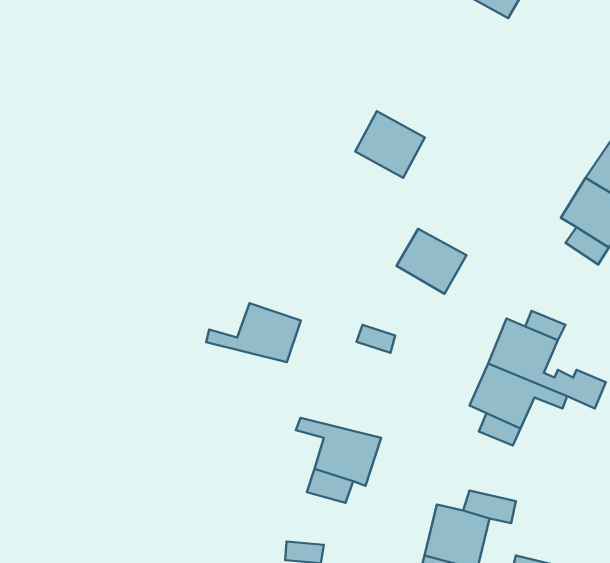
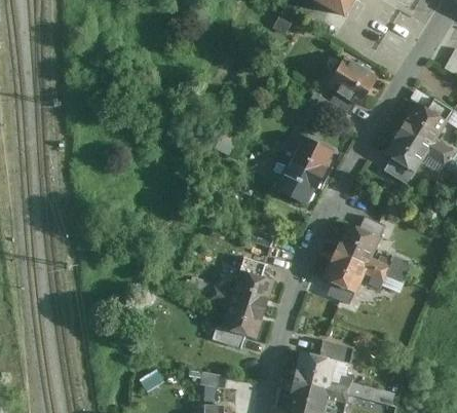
building: none -> [327,60,380,110]
building: [355,111,425,178] -> [289,136,335,180]
building: [206,303,301,362] -> [211,262,273,301]

